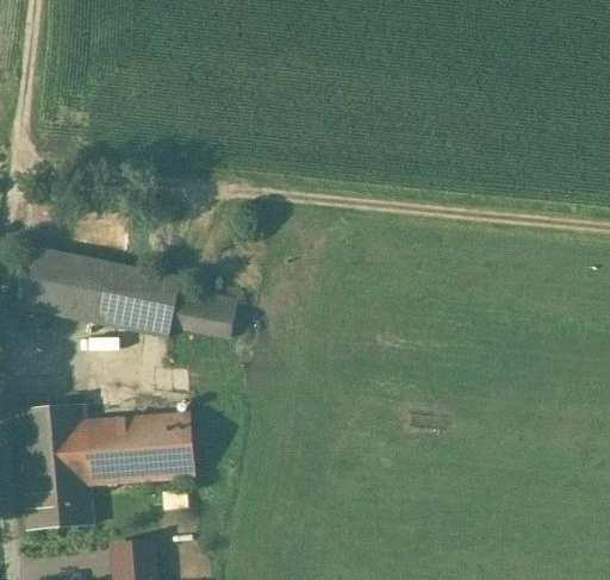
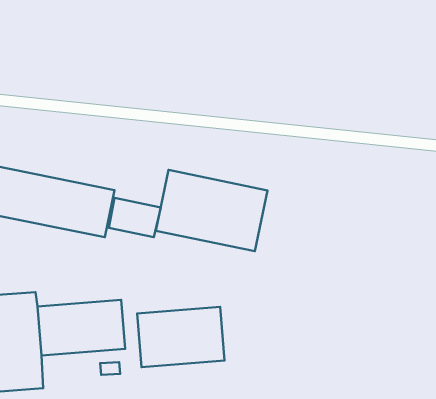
building: none -> [156,170,267,251]
building: none -> [137,307,225,367]

